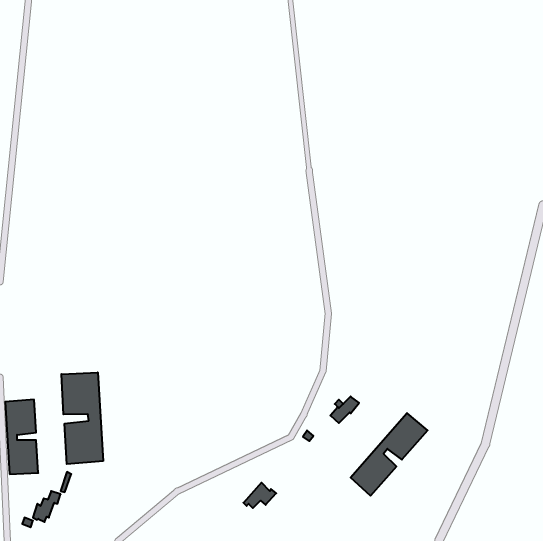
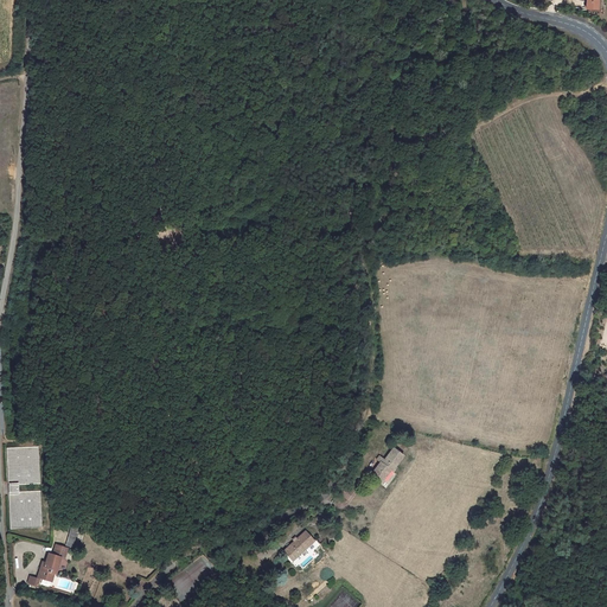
building: [61,372,103,464] -> none
building: [351,413,428,496] -> none

